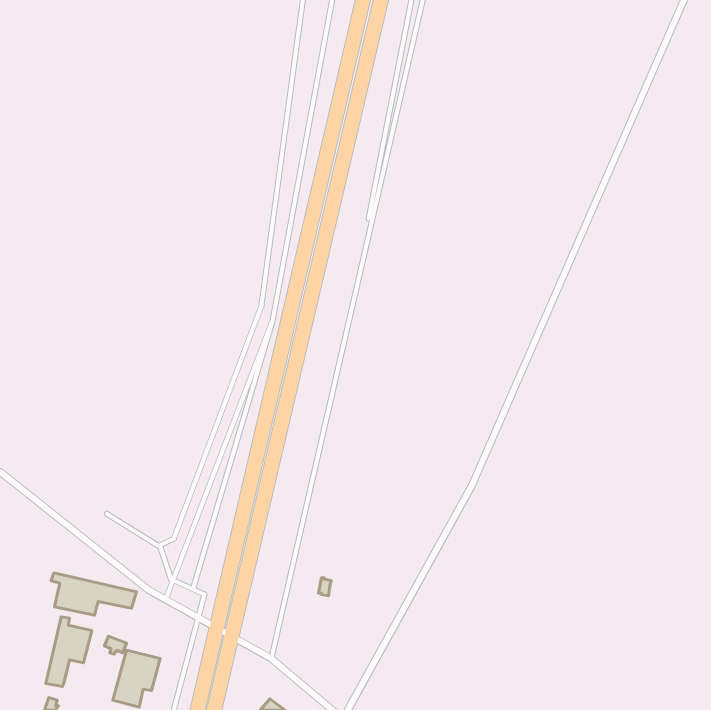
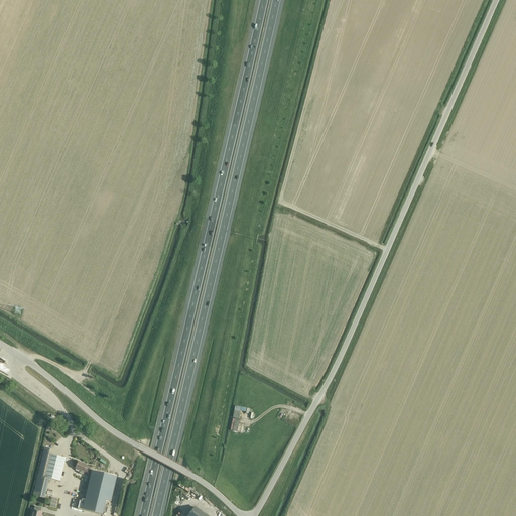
building: [51,573,136,615] -> none

